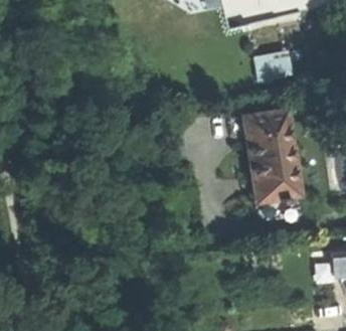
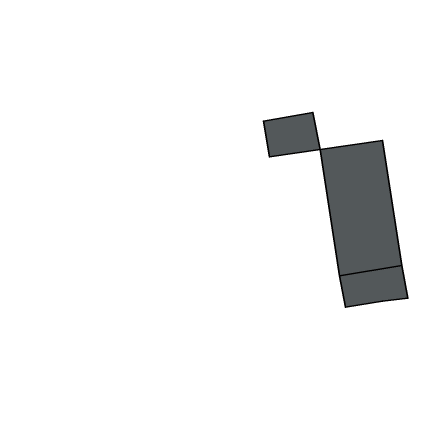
building: [257,50,296,80] -> [264,112,320,157]

